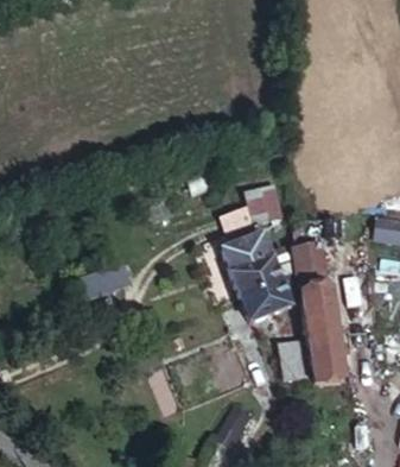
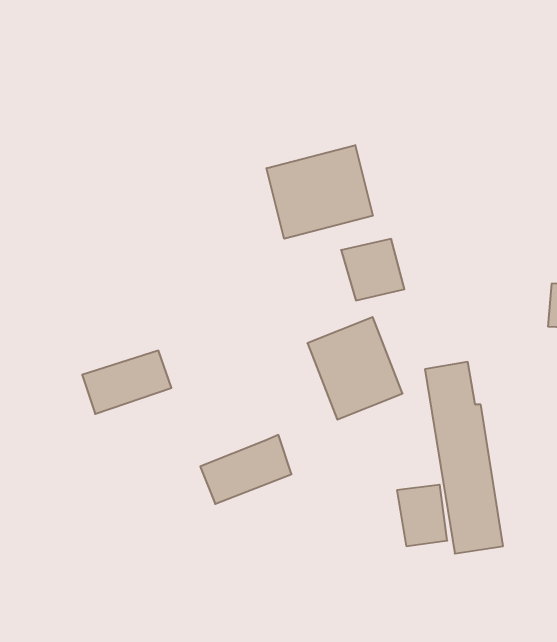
building: none -> [267,145,373,239]
building: [242,278,300,322] -> [200,435,292,504]

